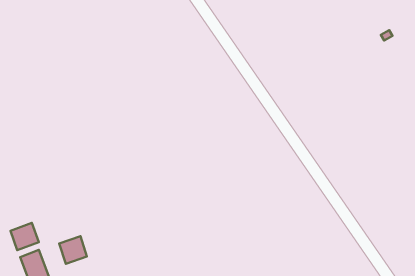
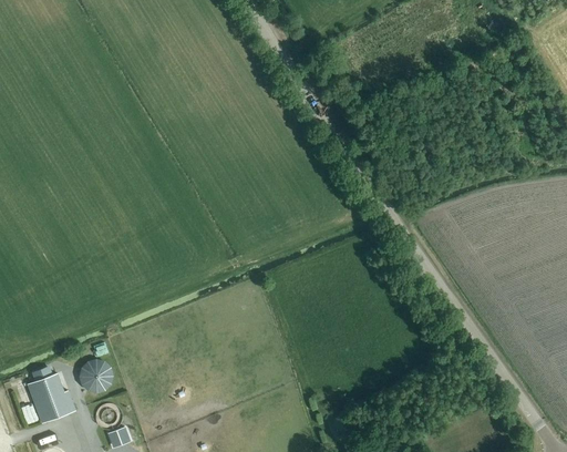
building: [10,223,39,250] -> none

